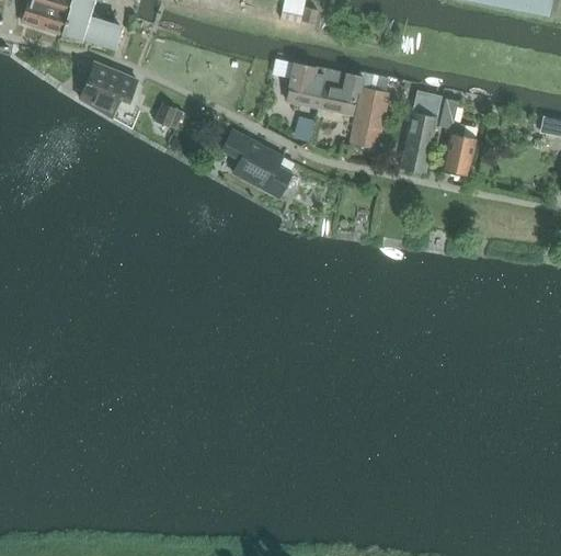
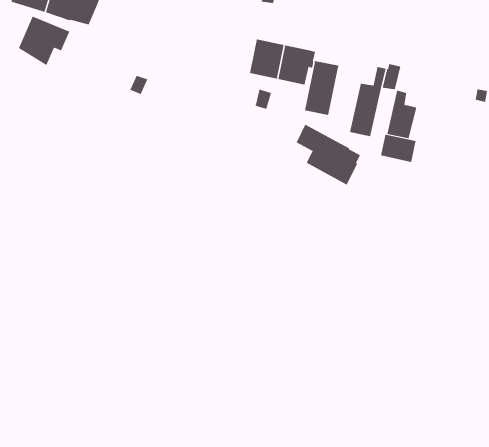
building: [79,61,137,117] -> [18,16,70,66]
building: [221,128,294,197] -> [296,124,361,185]
building: none -> [380,134,416,163]

